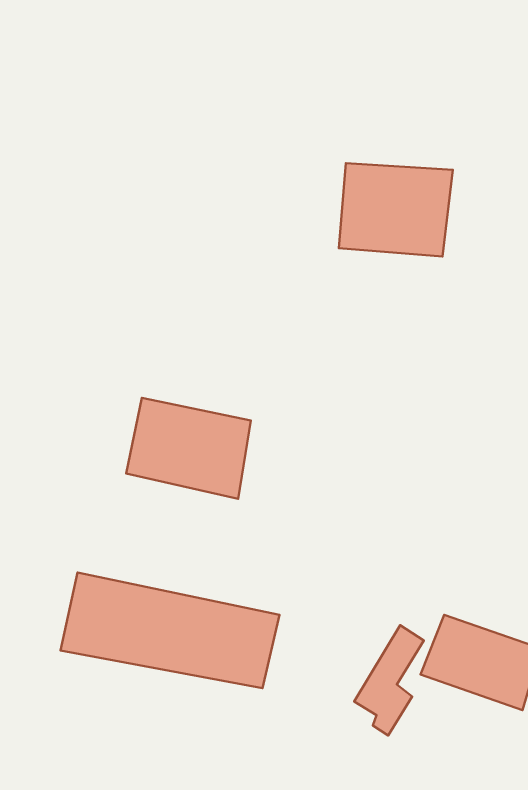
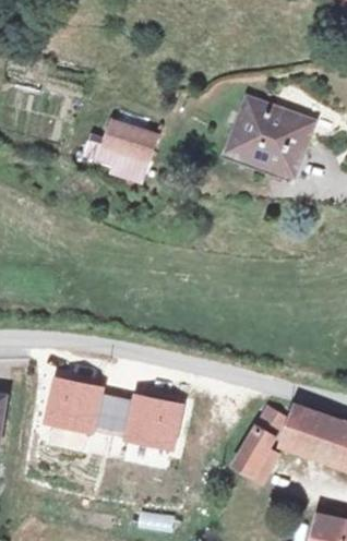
building: none -> [84,119,163,180]
building: [126,398,251,499] -> none

